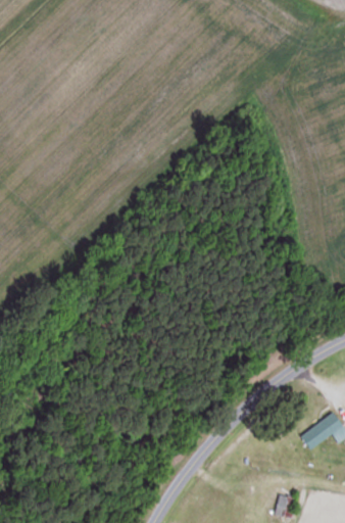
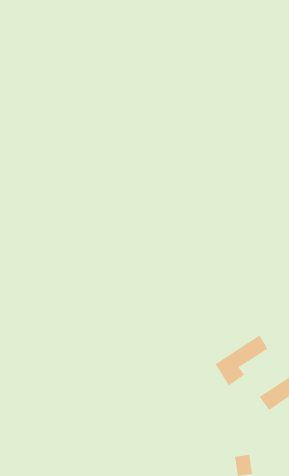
building: none -> [215,334,268,386]

